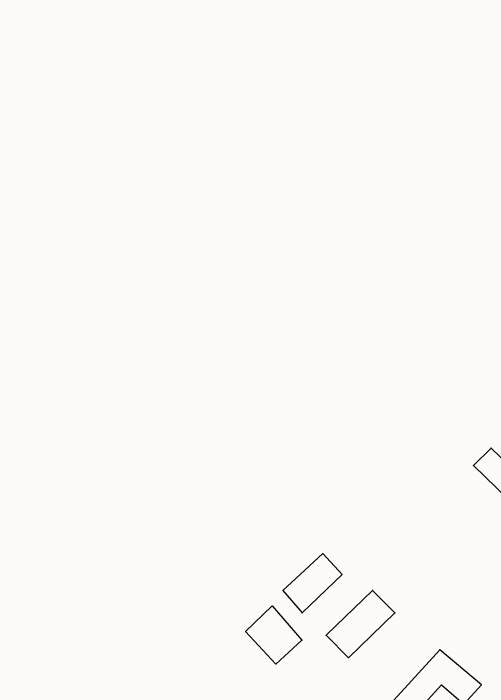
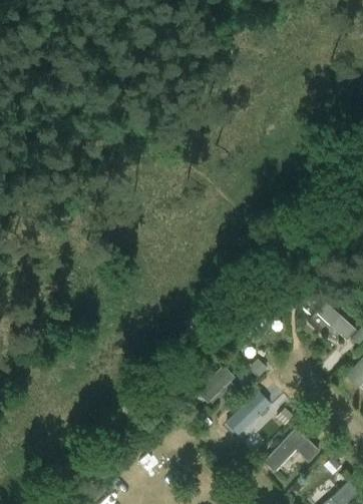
building: [246,606,302,664] -> none

